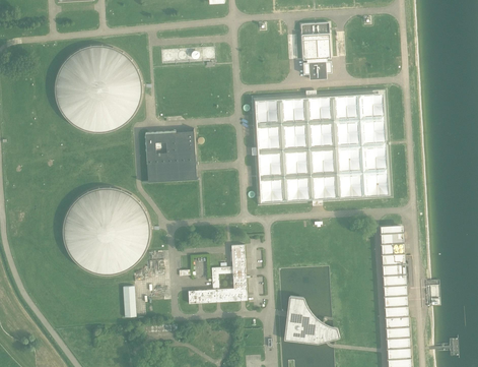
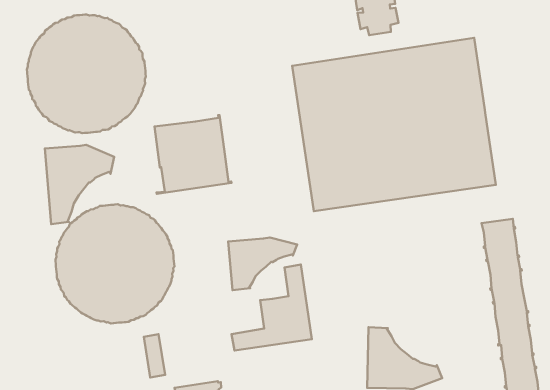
building: none -> [45,145,114,224]
building: none -> [228,238,297,290]

